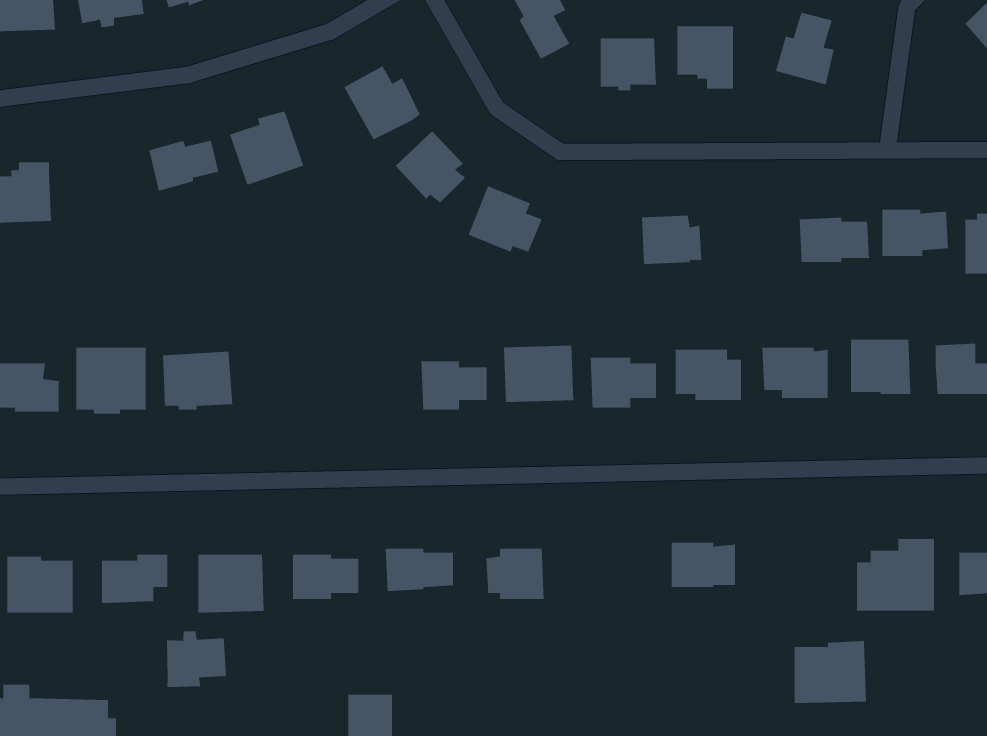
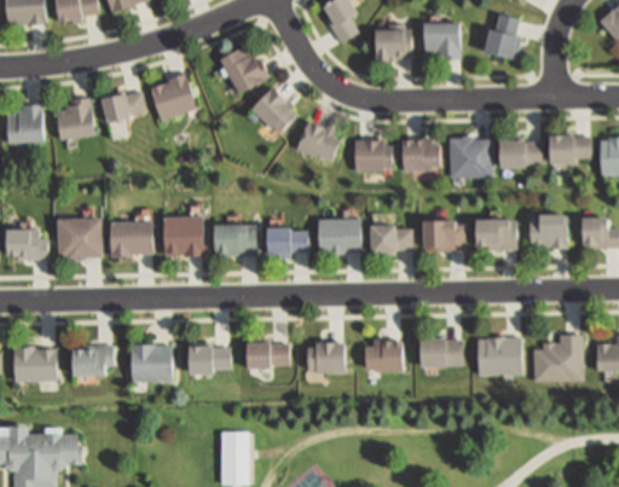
building: none -> [56,98,93,138]
building: none -> [450,135,492,178]
building: none -> [355,140,392,170]
building: none -> [162,215,203,257]
building: none -> [214,224,256,255]
building: none -> [366,341,403,372]
building: [167,630,226,688] -> none
building: [794,641,867,704] -> [478,336,522,375]

